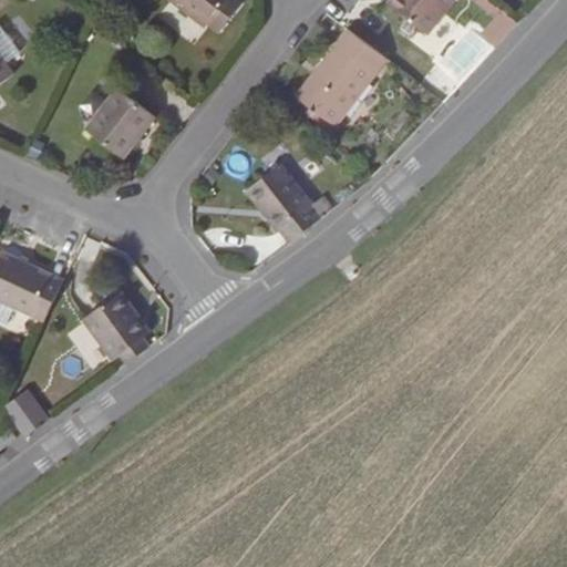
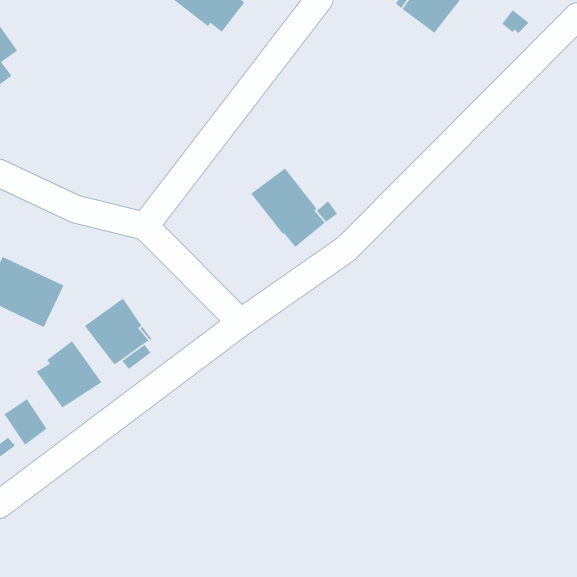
building: [295,29,384,125] -> none
building: [84,87,154,157] -> none
building: none -> [36,340,102,409]

